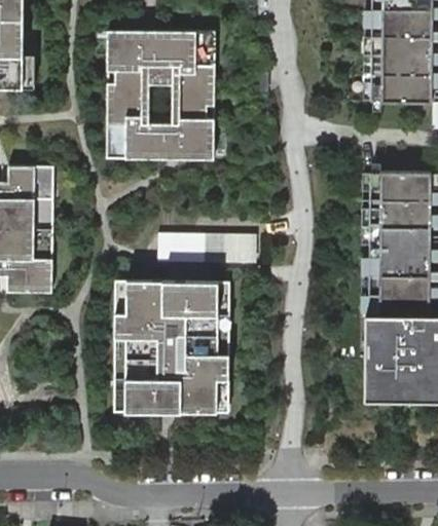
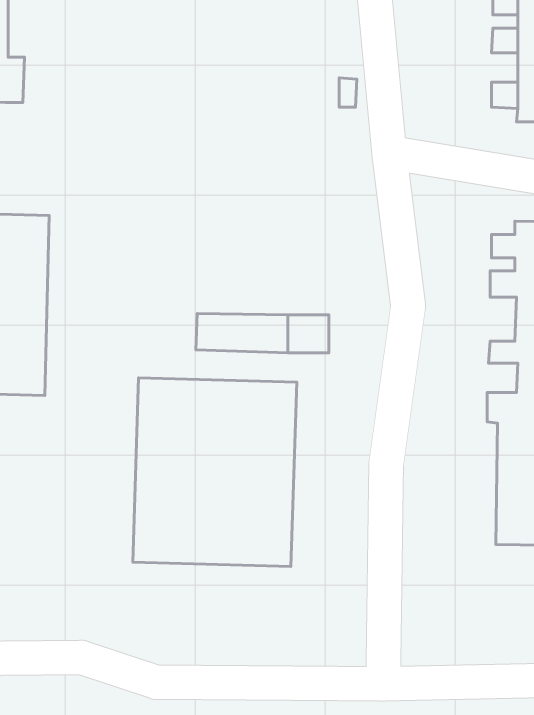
building: [105,29,216,160] -> none

